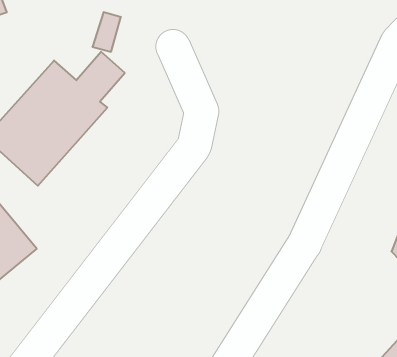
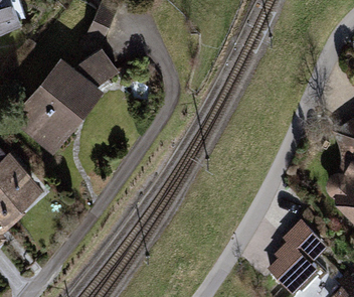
building: none -> [274,218,325,271]

